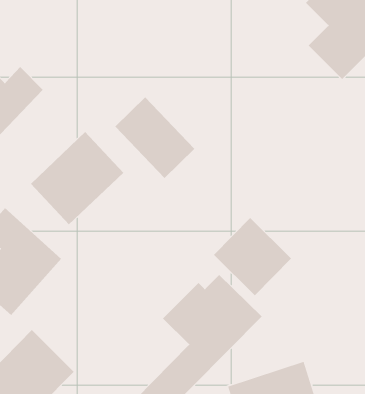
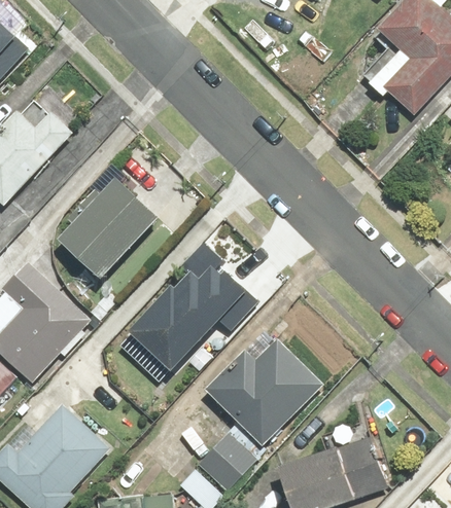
building: [115,97,195,179] -> none
building: none -> [125,237,252,370]
building: [213,217,292,296] -> none

